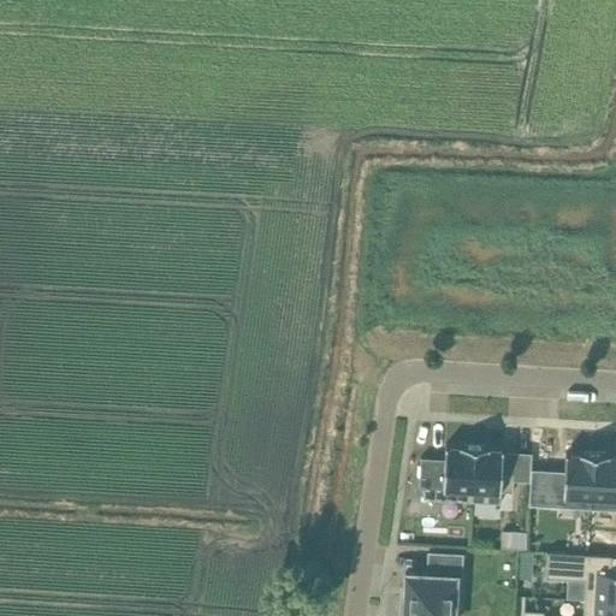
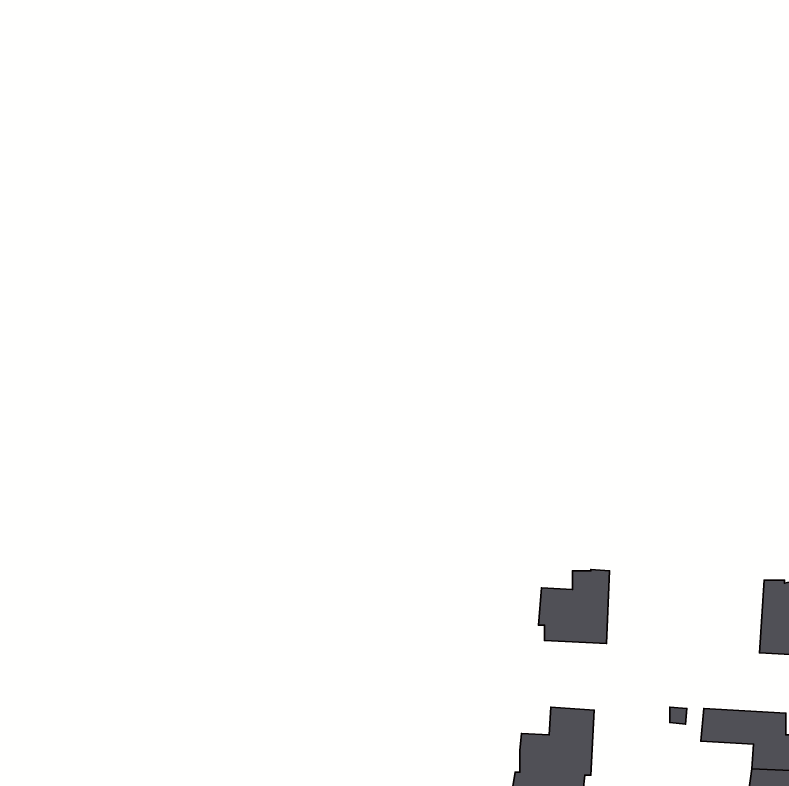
building: [473,448,515,505] -> none
building: [529,454,596,511] -> none

